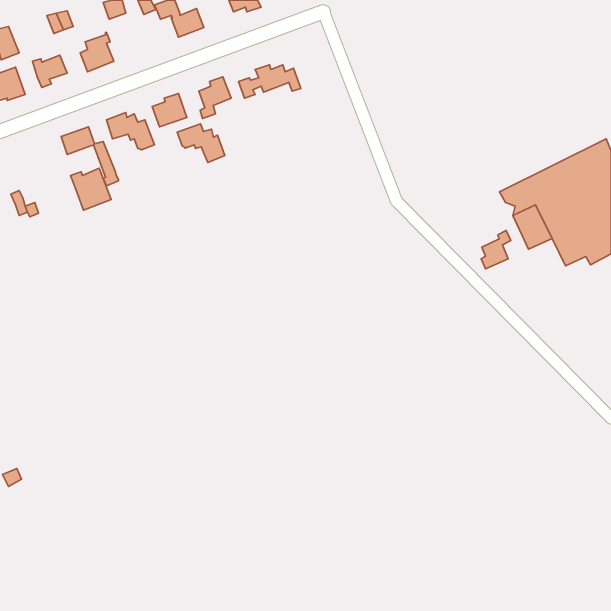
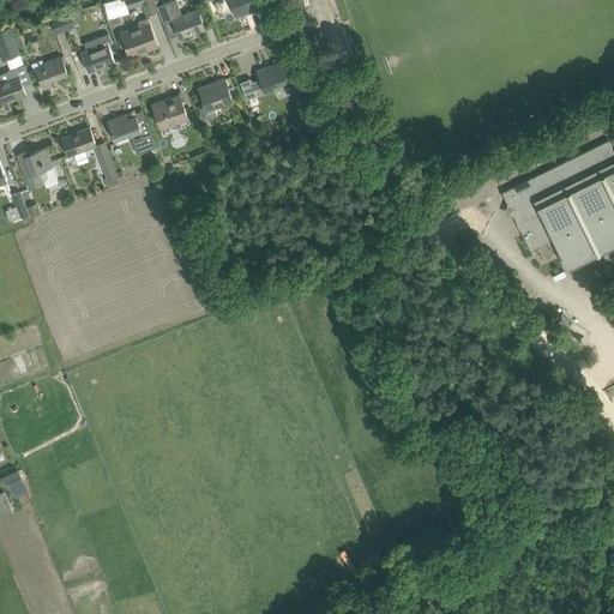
building: none -> [121,18,157,55]
building: [177,124,225,163] -> none
building: [70,168,111,210] -> [16,148,56,189]
building: [481,231,511,269] -> none

